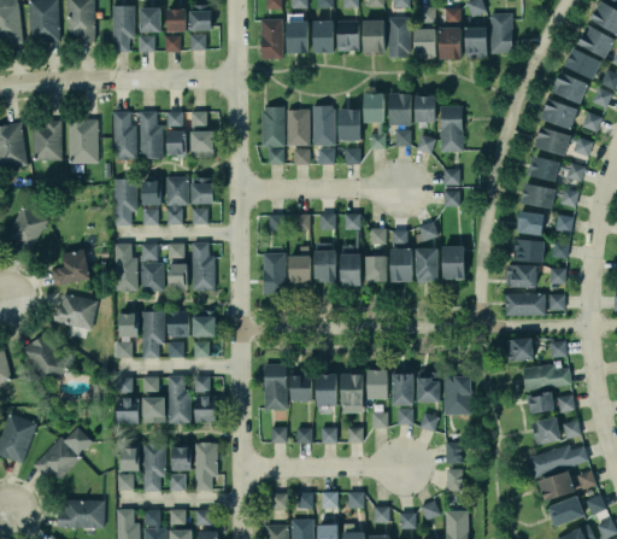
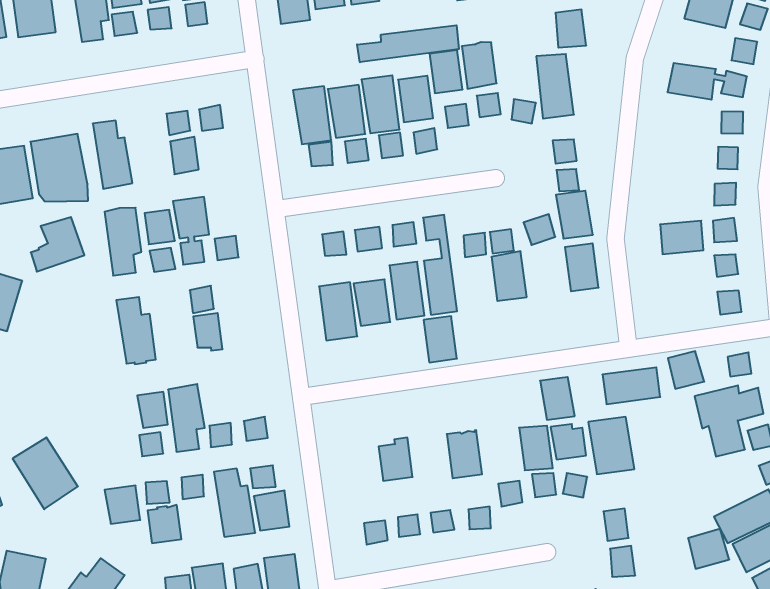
building: none -> [357,25,459,62]
building: [415,96,435,123] -> [555,10,586,48]
building: [541,100,578,130] -> none
building: [140,111,163,156] -> none
building: [190,131,215,158] -> none
building: [527,153,559,180] -> none
building: [189,176,213,201] -> none
building: [522,184,556,209] -> none
building: [516,209,543,233] -> none
building: [190,241,213,291] -> none
building: [140,242,163,289] -> none
building: [51,247,89,283] -> [31,217,84,272]
building: [416,250,439,282] -> [556,191,593,239]
building: [366,251,387,282] -> [424,316,457,362]
building: [505,263,535,285] -> none
building: [52,293,96,329] -> none
building: [506,294,546,316] -> [602,367,660,404]
building: [168,311,189,338] -> none
building: [194,312,216,336] -> none
building: [264,364,288,410] -> none
building: [365,368,387,397] -> [540,377,575,420]
building: [315,373,335,404] -> none
building: [142,398,165,423] -> [105,486,140,524]
building: [533,418,560,445] -> [688,529,729,569]

